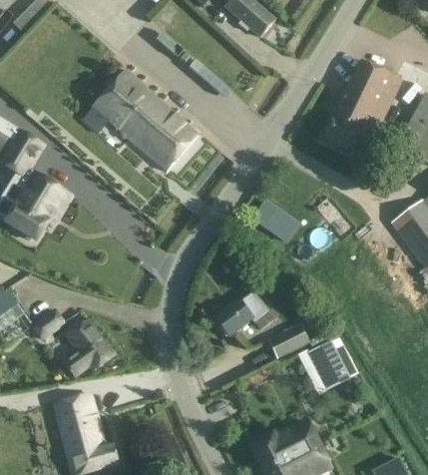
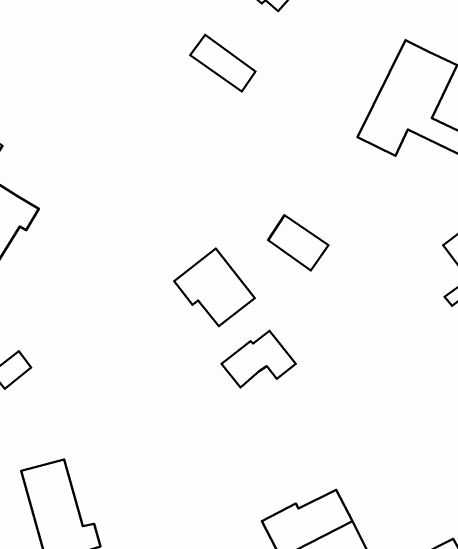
building: [92,69,197,170] -> none
building: none -> [174,249,255,326]
building: [64,319,114,375] -> none
building: [267,324,308,358] -> none
building: [307,340,350,390] -> none

